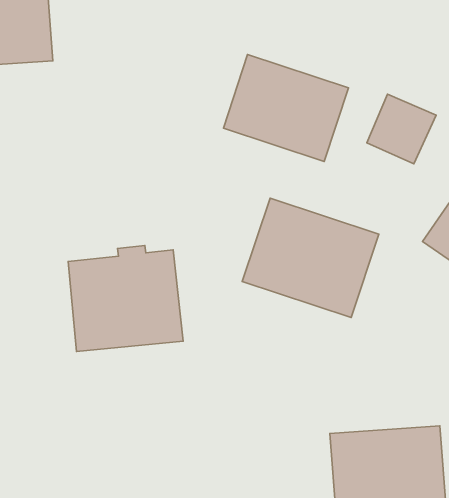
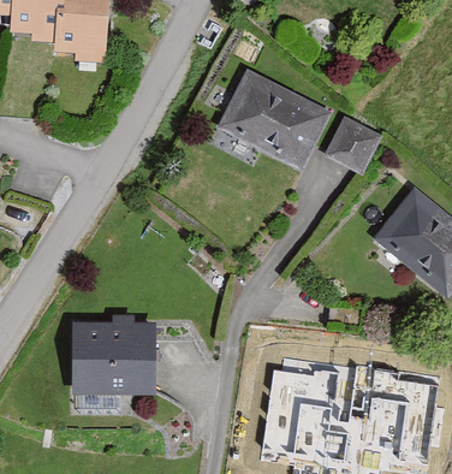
building: [242,198,379,318] -> none
building: [68,245,183,352] -> [83,315,167,393]

